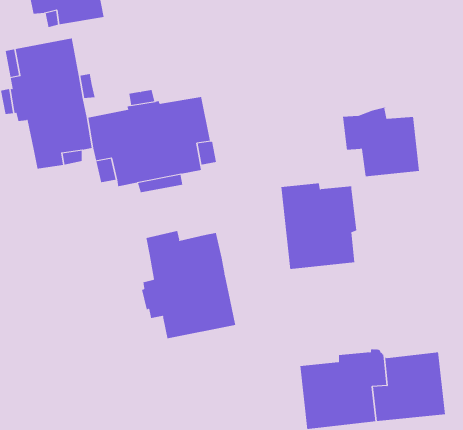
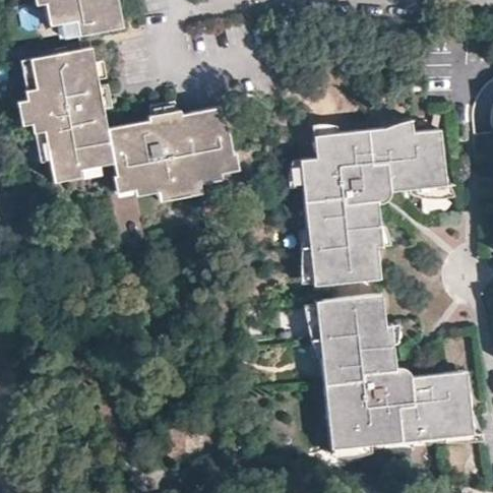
building: none -> [300,129,390,203]
building: [142,230,236,339] -> none
building: none -> [315,293,396,384]

